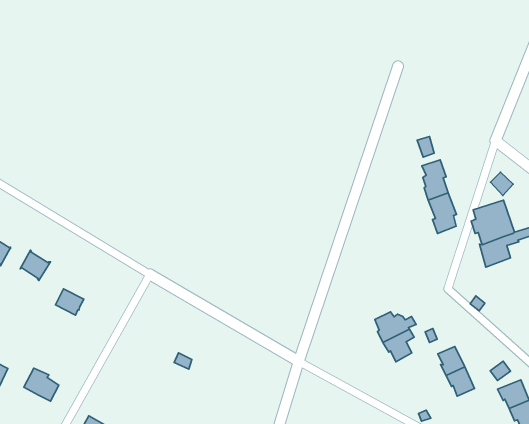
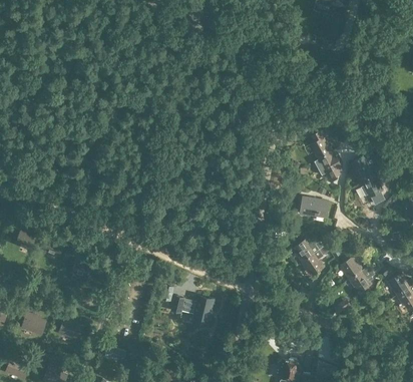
building: none -> [301,198,329,218]
building: none -> [171,296,215,327]

